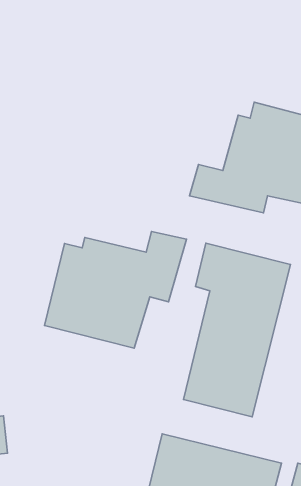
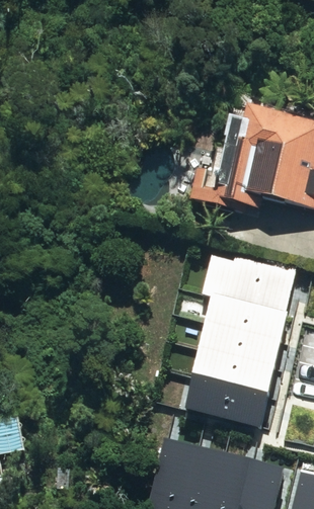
building: [44,231,186,348] -> none

